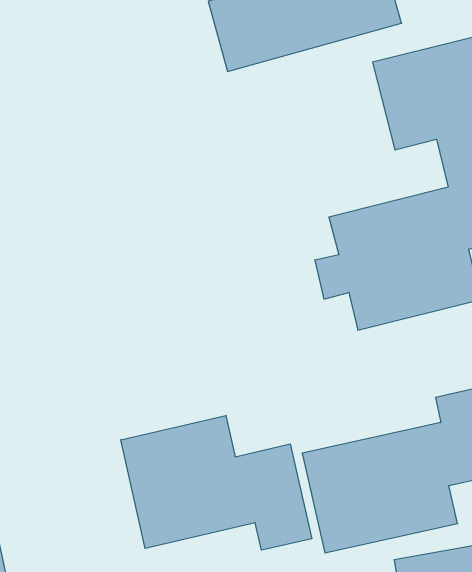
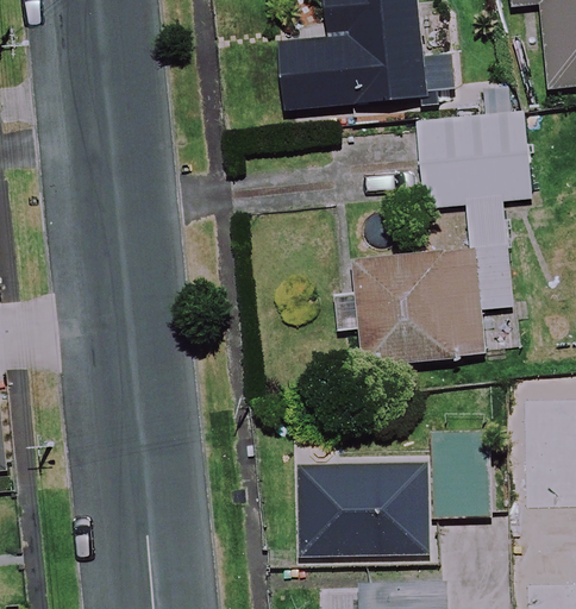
building: [121,415,312,550] -> none

